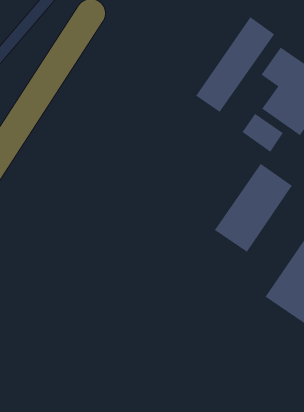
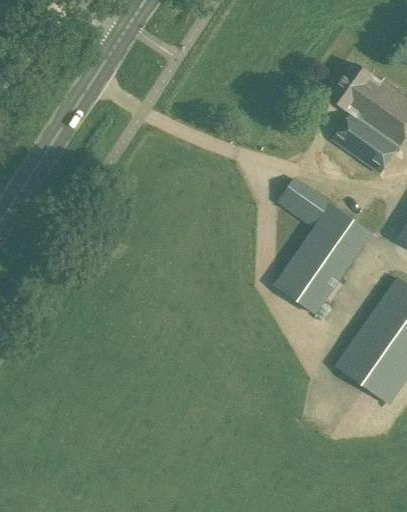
building: [195,16,275,113] -> none
building: [241,113,284,153] -> [278,179,329,227]

